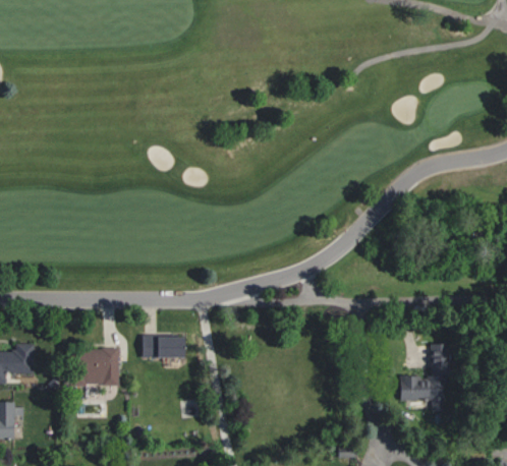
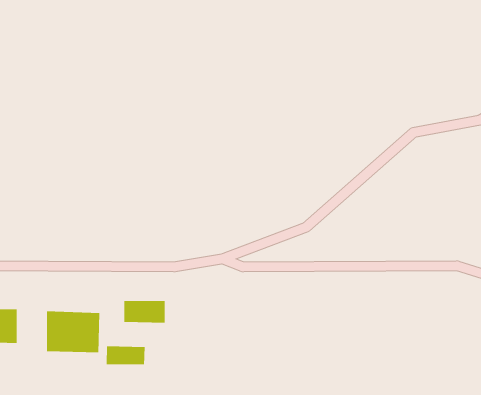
building: [399,344,448,411] -> none
building: none -> [106,346,145,365]

